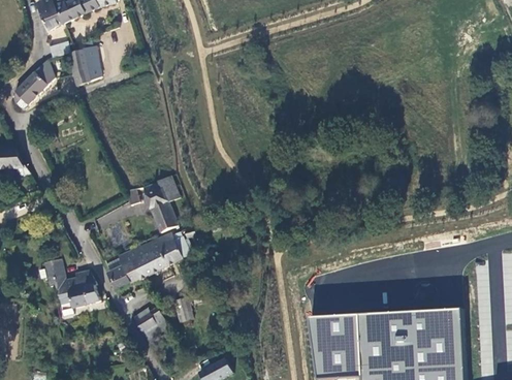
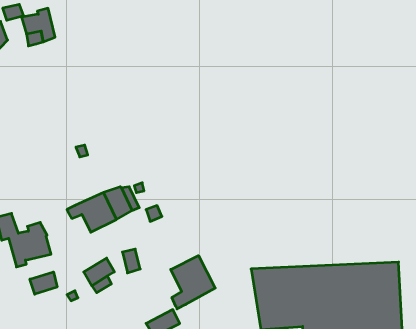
building: [142,175,180,231] -> none
building: [105,257,139,289] -> none
building: none -> [171,256,215,309]
building: none -> [30,272,57,294]

